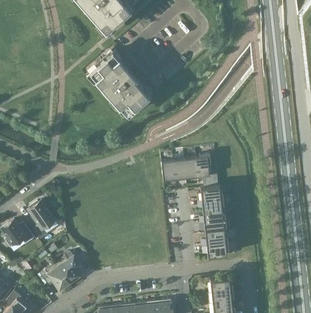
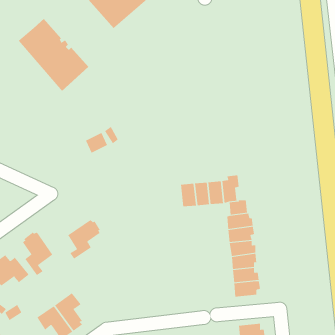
building: [90,52,150,114] -> [18,18,89,92]
building: none -> [68,219,101,259]

